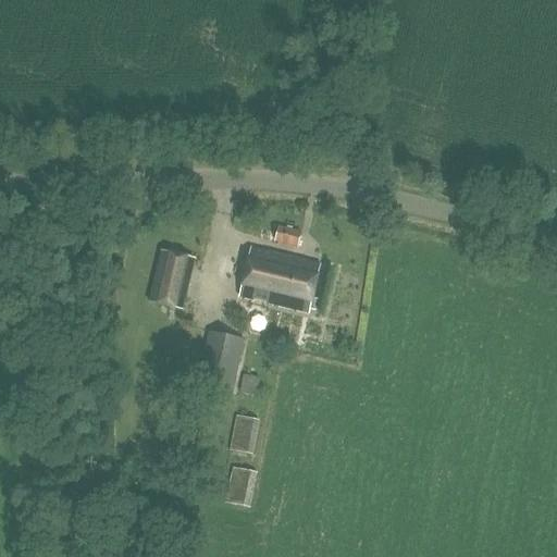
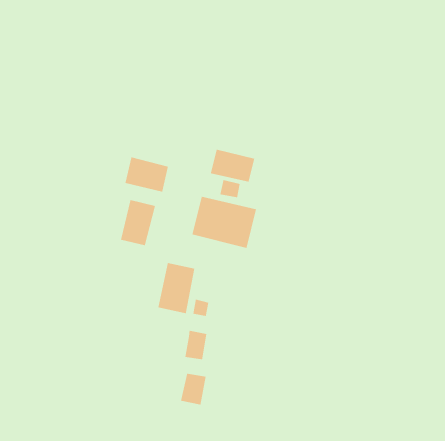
building: none -> [210,149,255,183]
building: none -> [125,156,169,193]

